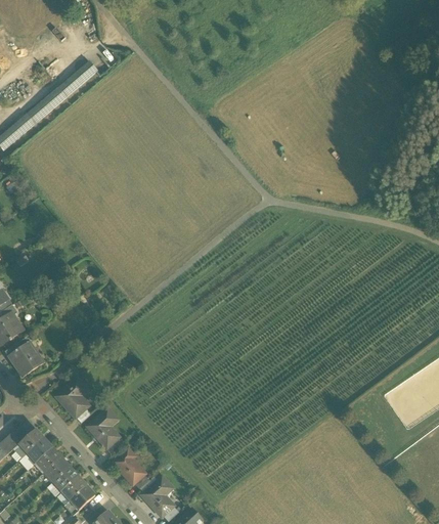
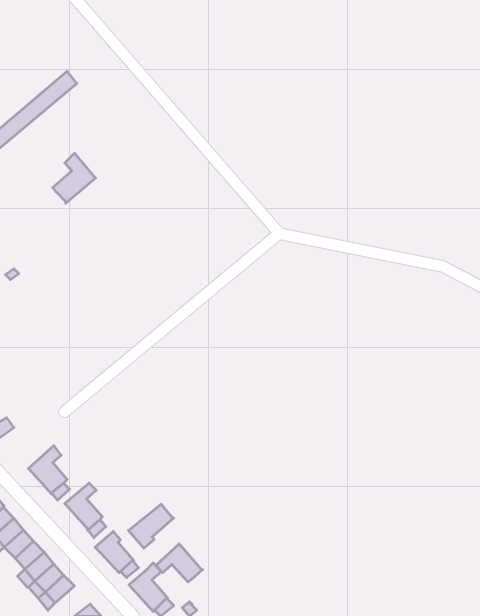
building: none -> [53,153,96,203]
building: none -> [128,504,174,548]
building: none -> [156,544,203,582]

